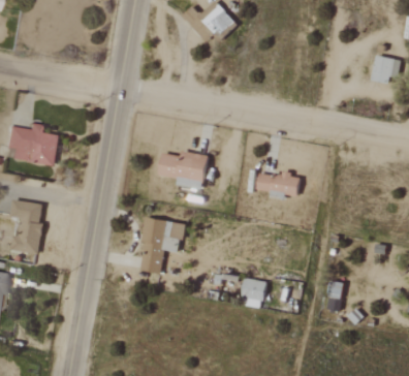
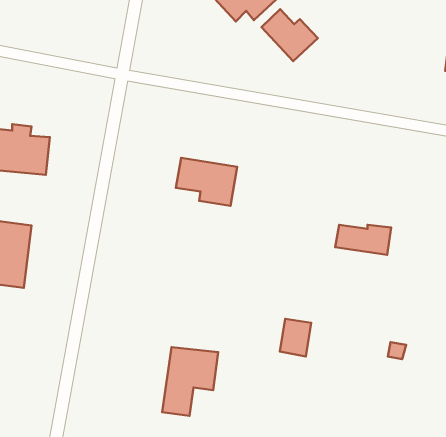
building: none -> [261,9,318,61]
building: [256,173,301,196] -> [335,225,391,255]
building: [139,218,184,273] -> [162,347,218,416]

